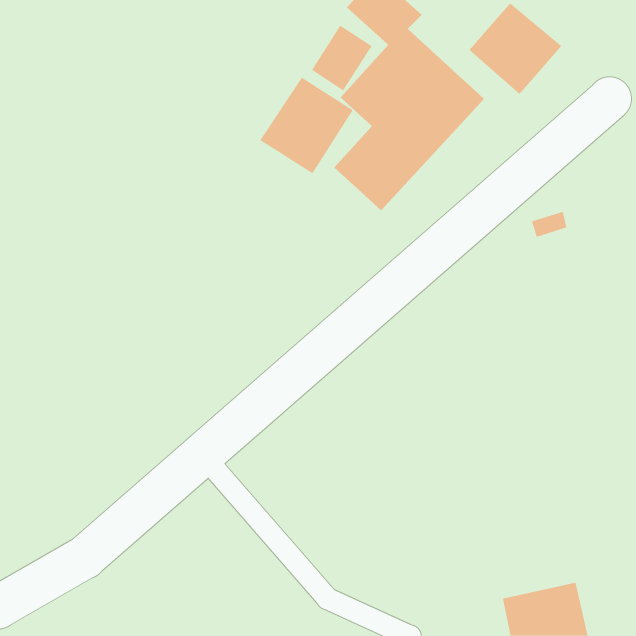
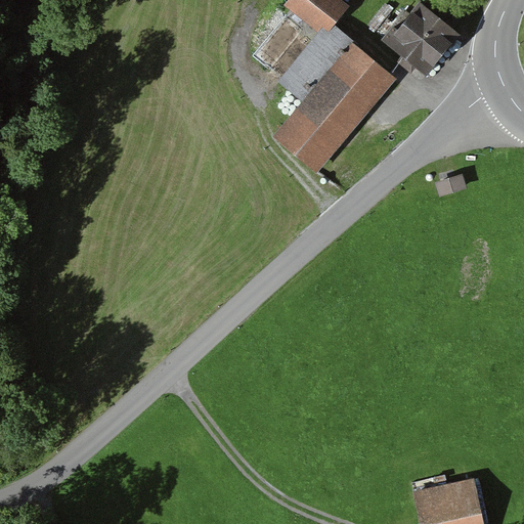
building: [260,77,353,174] -> none

